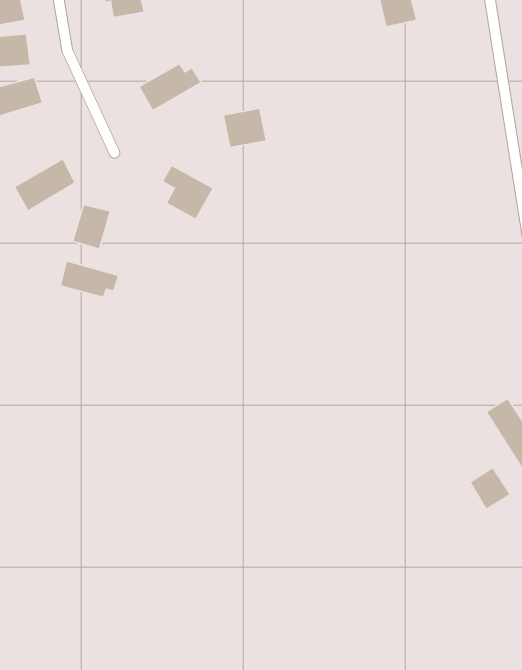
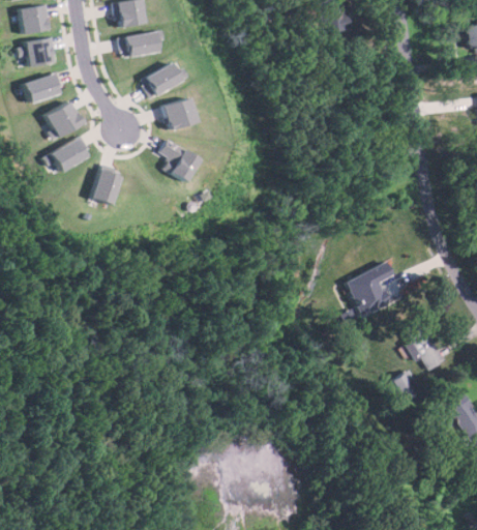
building: none -> [118,31,161,57]
building: [223,108,267,148] -> [160,98,193,128]
building: none -> [44,101,82,139]
building: [60,261,119,298] -> none
building: none -> [347,262,394,316]

